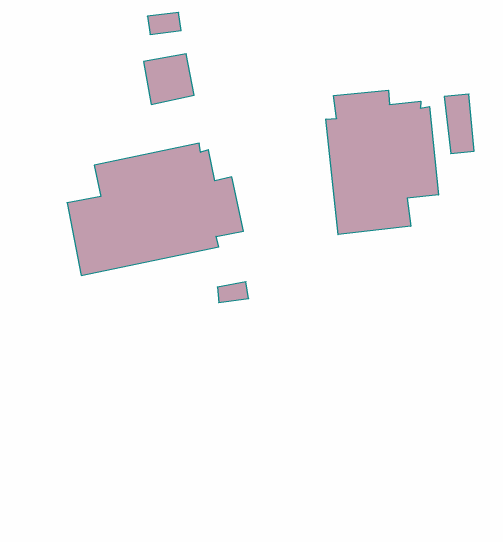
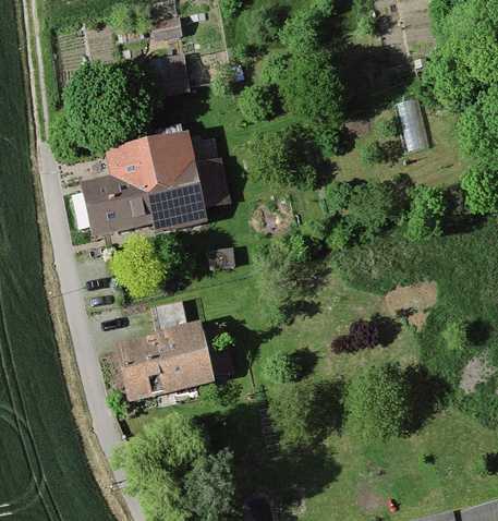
building: [326,90,438,235] -> none
building: none -> [116,300,230,400]

